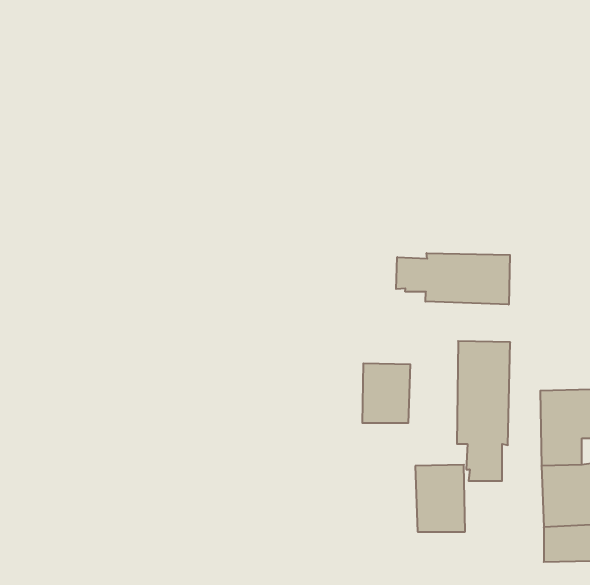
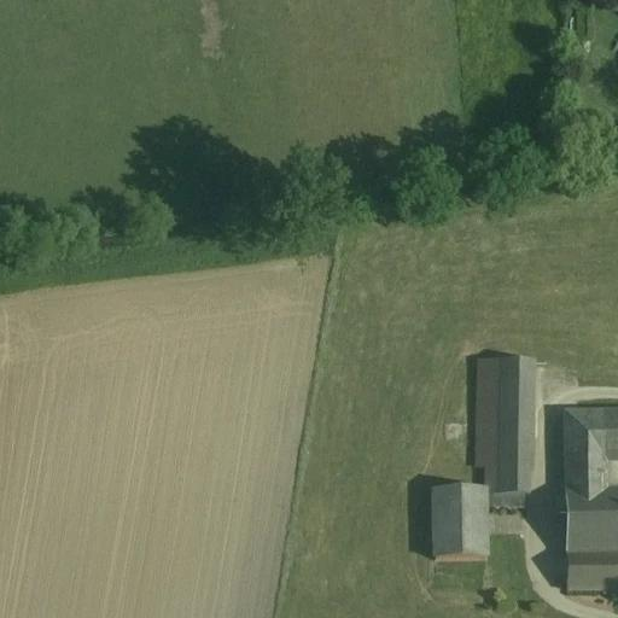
building: [396,253,510,305] -> none
building: [362,363,410,423] -> none

